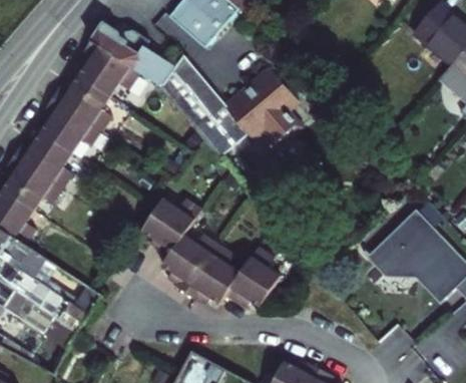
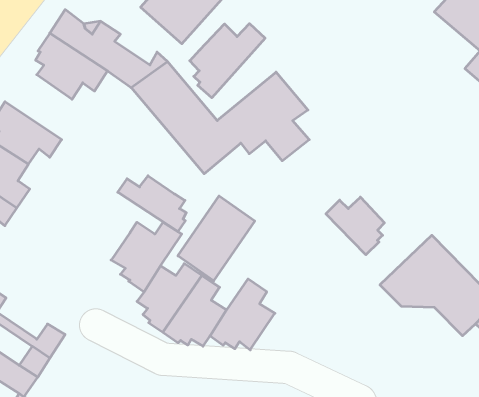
building: none -> [190,24,265,98]
building: [51,75,109,130] -> none
building: none -> [118,176,186,232]
building: none -> [178,196,255,281]
building: none -> [326,197,384,255]

